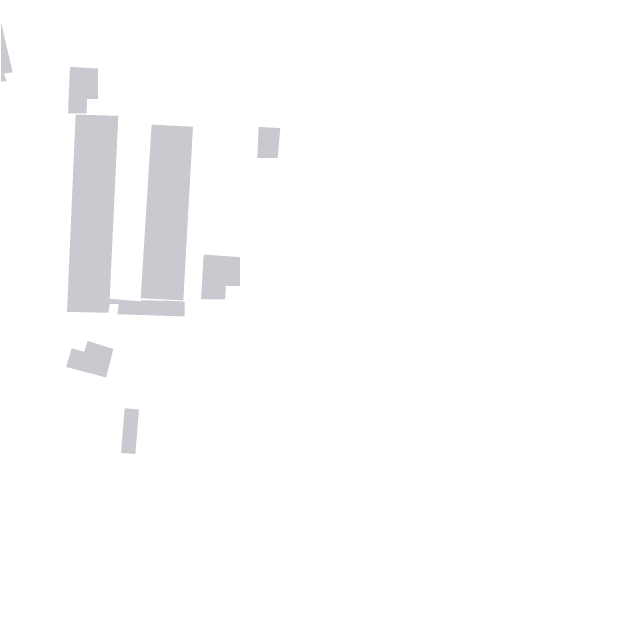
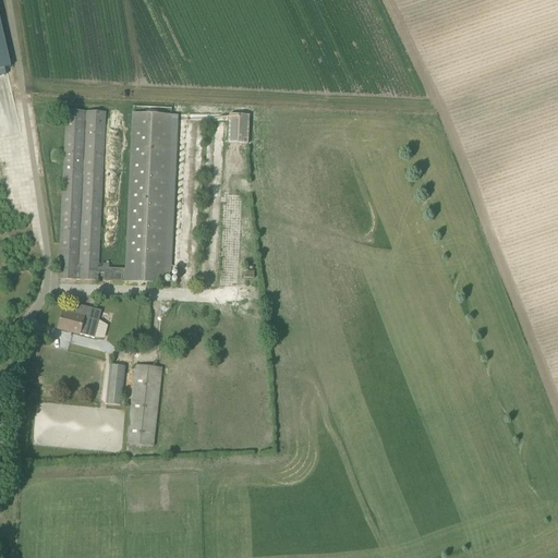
building: [67,66,99,114] -> none
building: [200,254,240,300] -> none
building: none -> [128,363,162,445]

